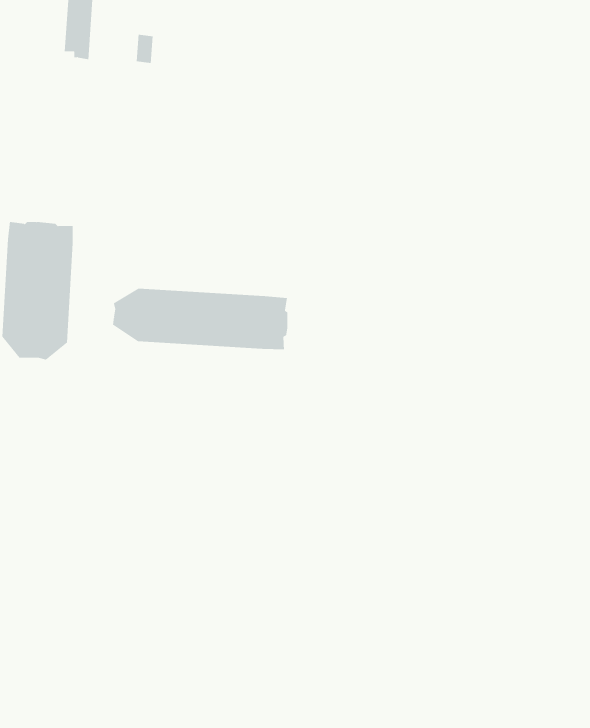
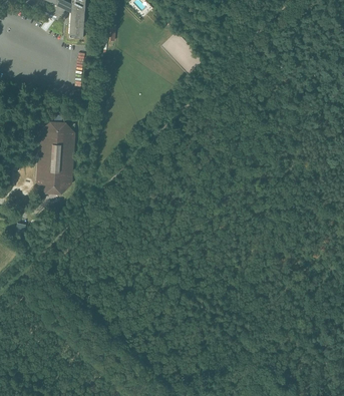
building: [112,288,288,350] -> none

